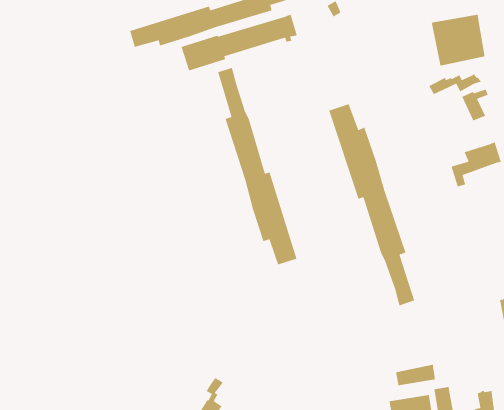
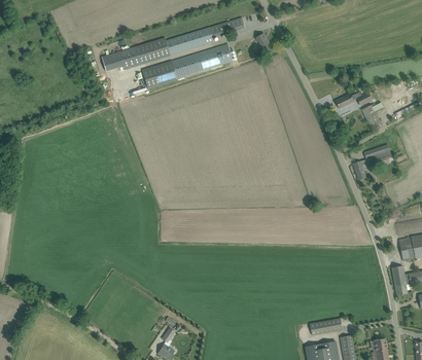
building: [431,14,486,66] -> none
building: [217,67,298,265] -> none
building: [328,103,415,306] -> none

